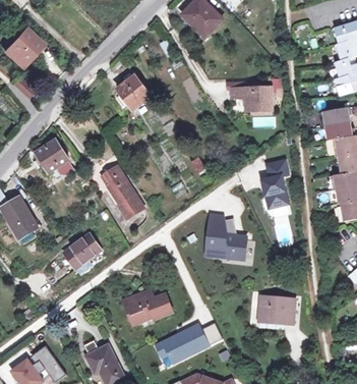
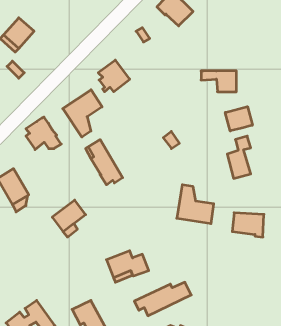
building: none -> [63,90,102,137]
building: none -> [225,107,252,131]
building: [258,296,294,324] -> [232,213,264,237]

